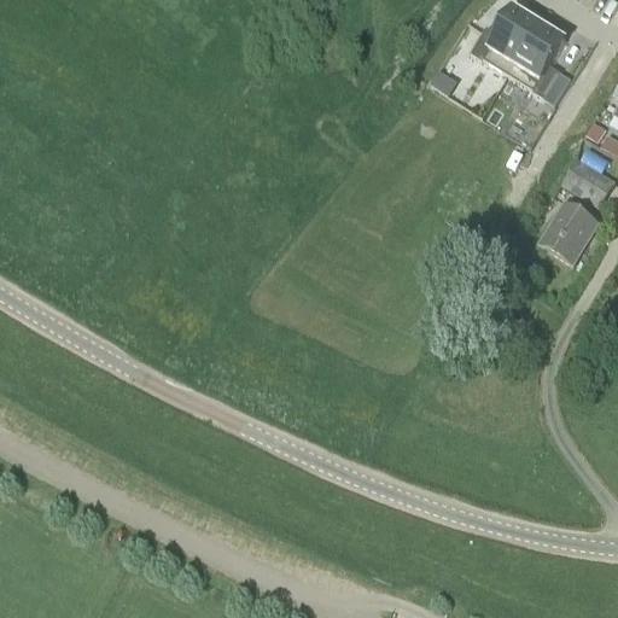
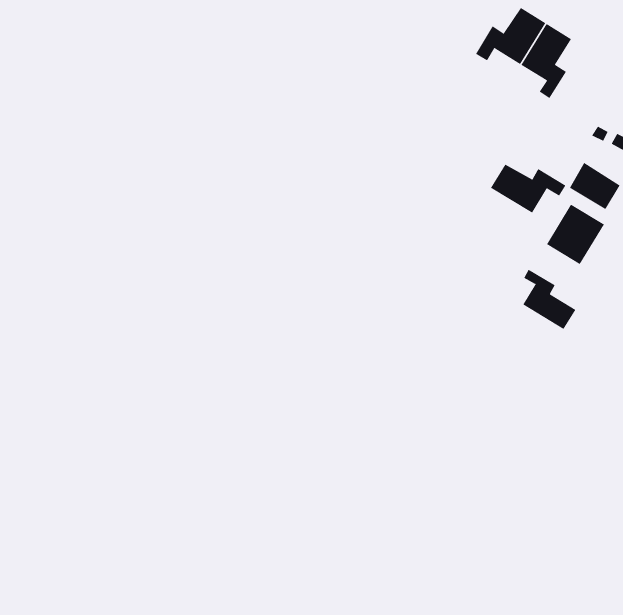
building: none -> [490,164,566,213]
building: none -> [522,269,576,330]

